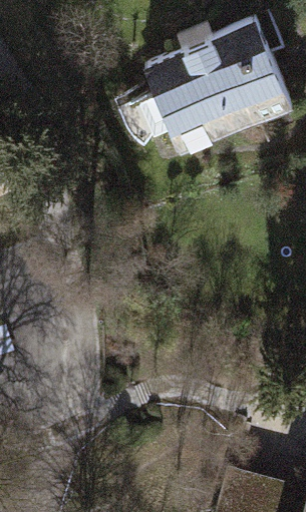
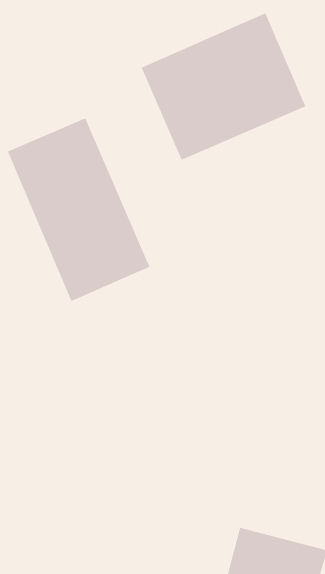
building: none -> [7,117,150,302]

